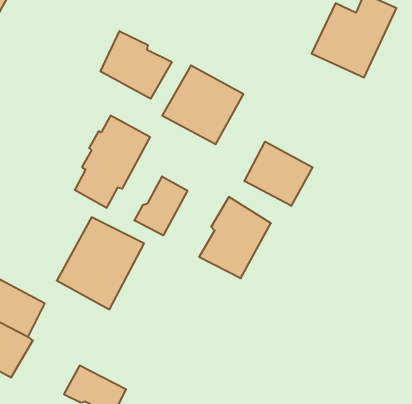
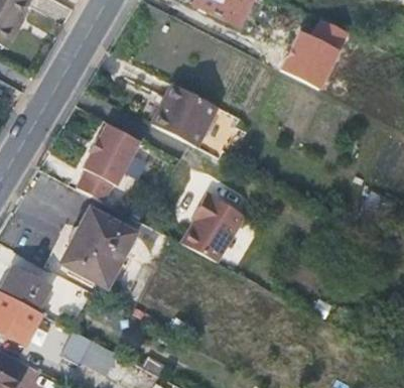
building: [101,31,172,99] -> none
building: [244,142,313,206] -> none
building: [134,176,187,235] -> none

